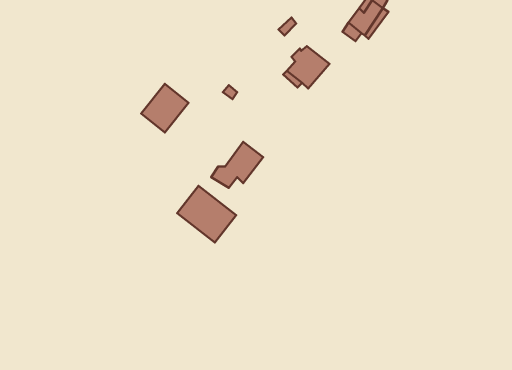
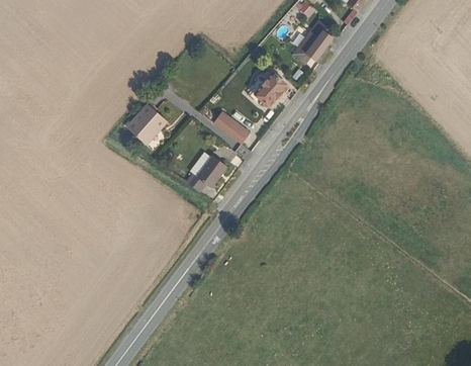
building: none -> [210,110,249,144]
building: [177,186,236,242] -> none

